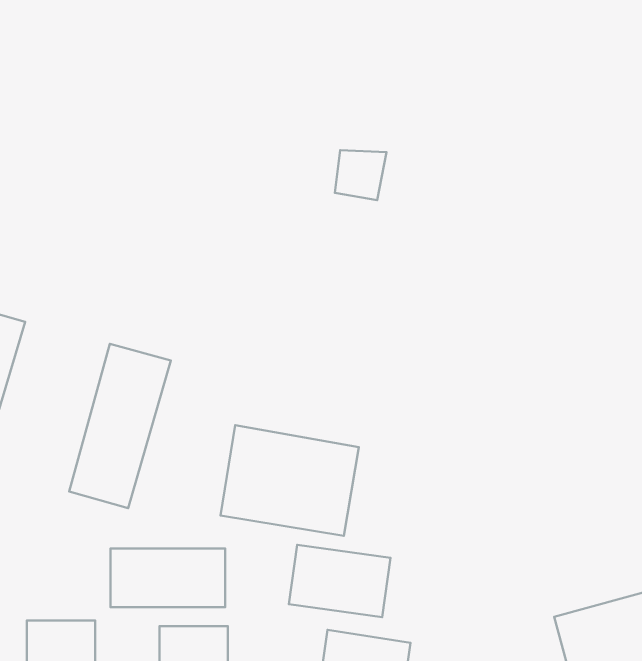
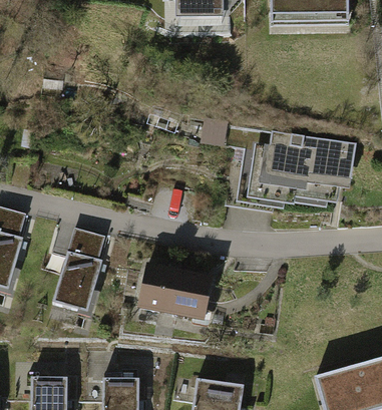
building: none -> [251,131,351,196]
building: [289,545,391,617] -> none
building: [111,549,225,607] -> none

